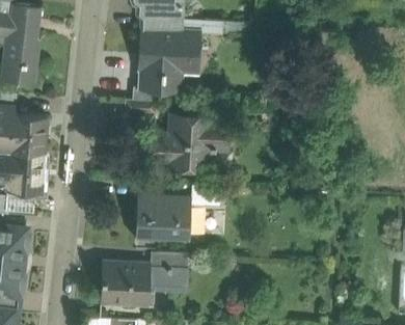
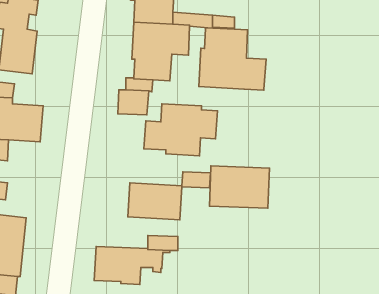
building: none -> [199,28,266,90]
building: [7,153,44,192] -> none
building: none -> [209,166,269,208]

